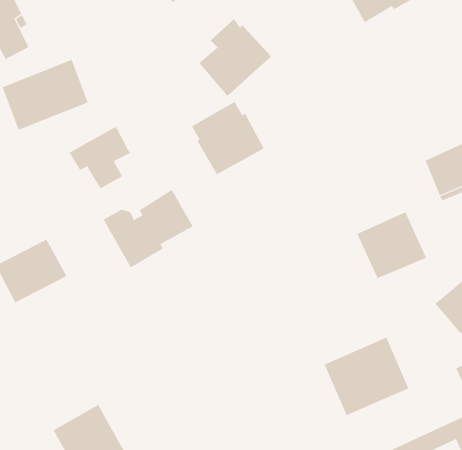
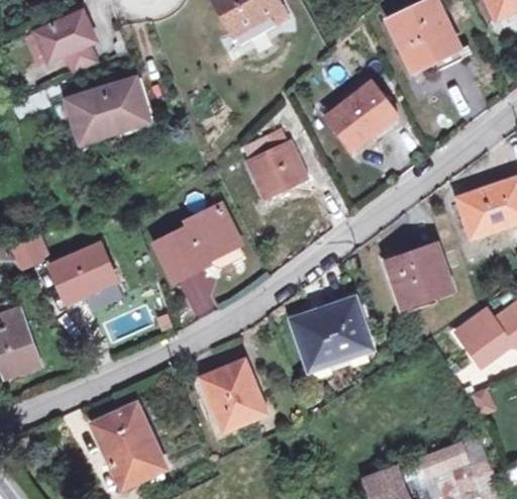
building: [199,18,272,97] -> [328,76,397,148]
building: [69,126,131,189] -> none
building: none -> [180,275,217,318]
building: [324,337,409,416] -> [293,300,371,371]
building: none -> [200,360,263,431]

